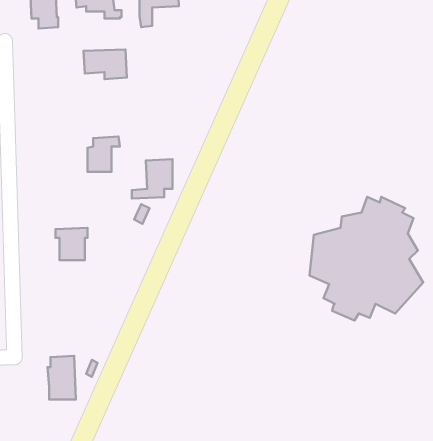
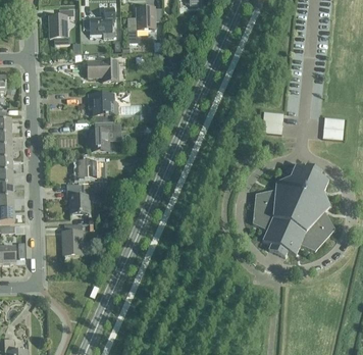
building: none -> [89,92,118,114]
building: [132,159,172,199] -> [67,160,97,189]
building: [48,356,76,399] -> [62,221,83,253]

